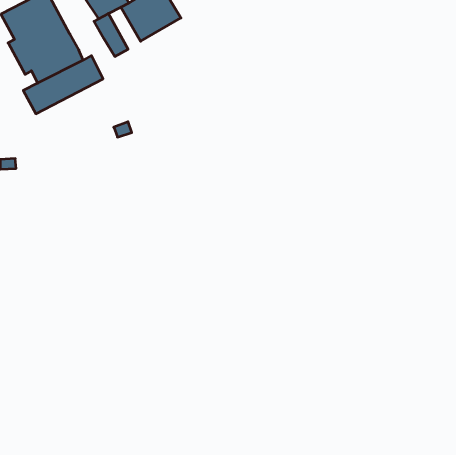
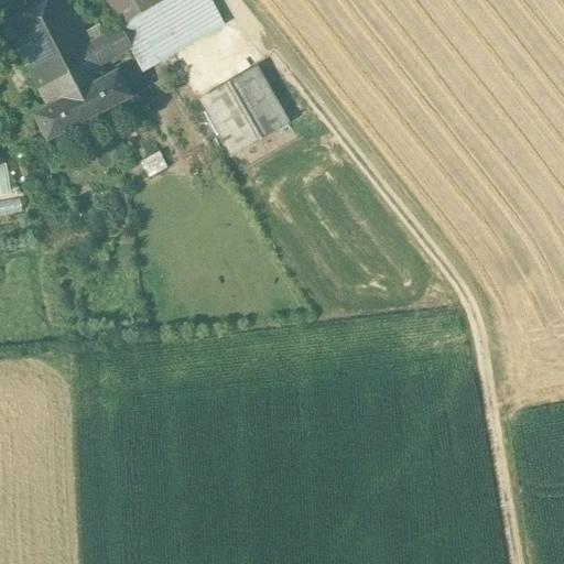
building: none -> [135,9,175,61]
building: none -> [88,26,130,62]
building: none -> [200,64,291,154]

